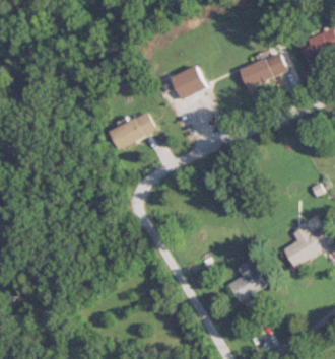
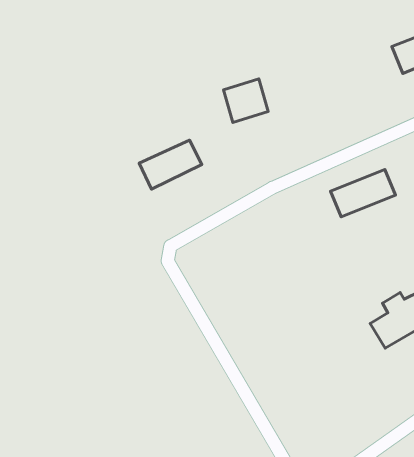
building: [239,53,287,88] -> [330,169,396,217]
building: [226,260,264,303] -> none

